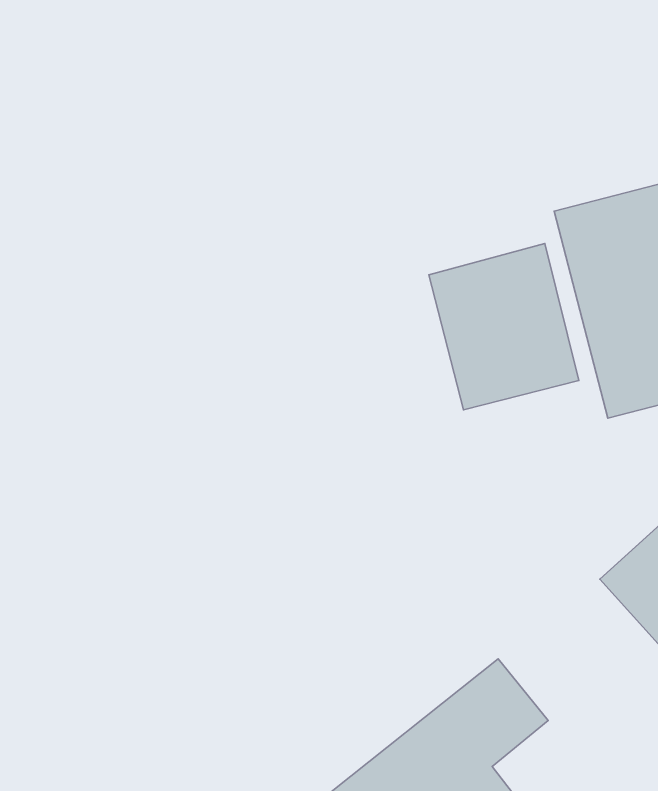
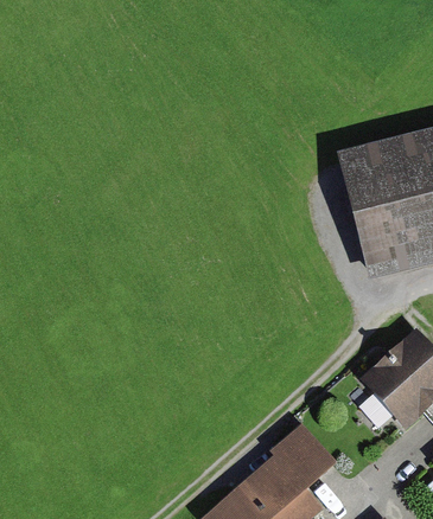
building: [429,244,579,410] -> none

